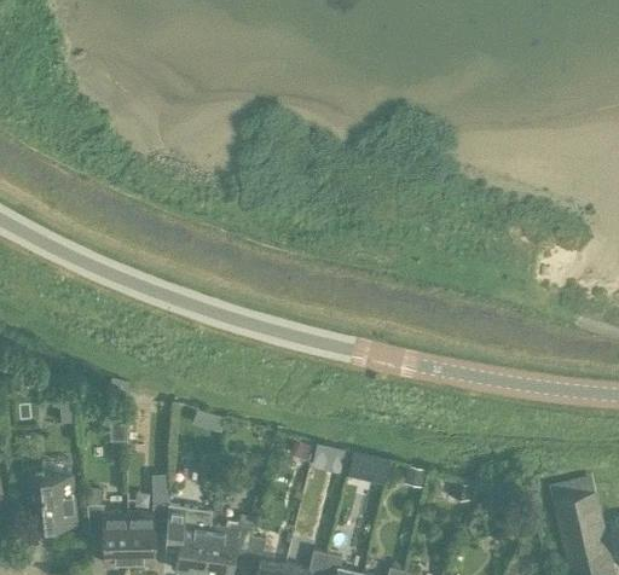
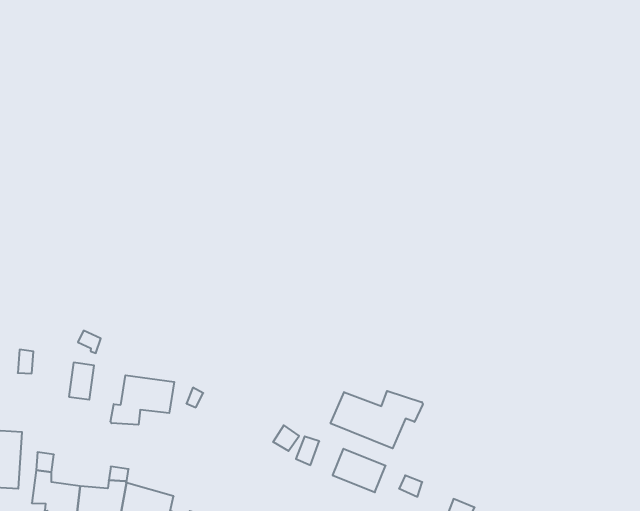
building: none -> [331,391,423,448]
building: none -> [110,375,174,425]

